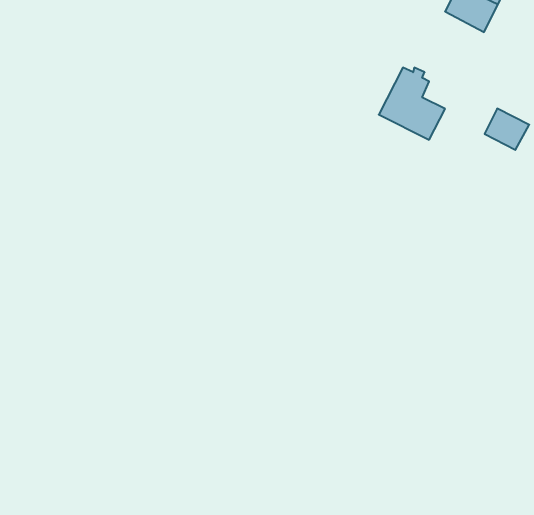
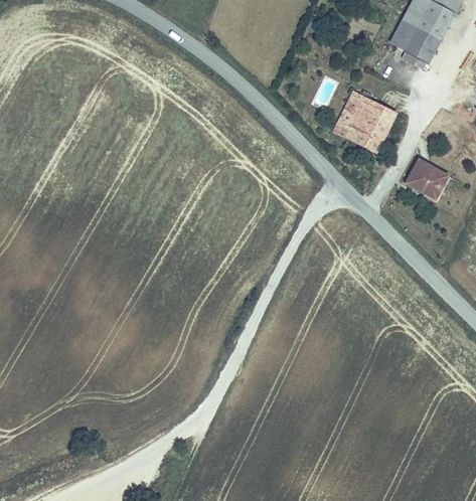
building: none -> [371,102,399,126]
building: [485,109,529,150] -> [410,164,449,200]

